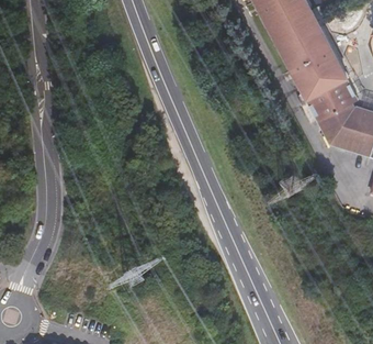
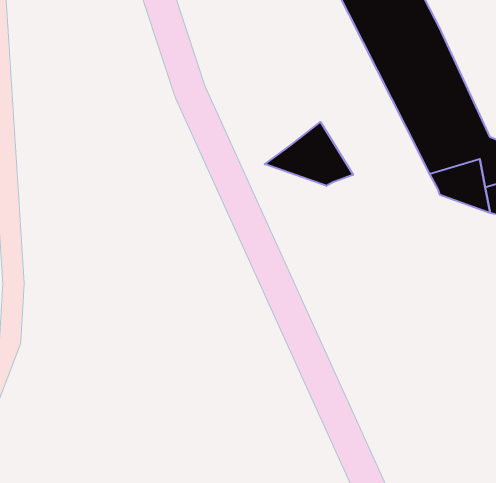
building: none -> [265,122,353,186]

